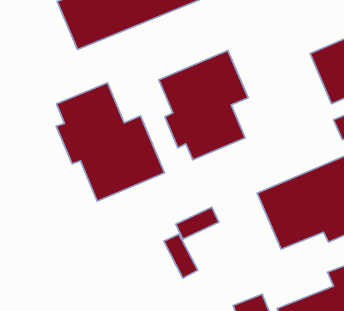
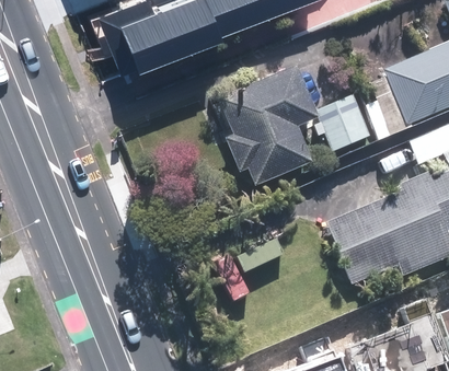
building: none -> [318,96,371,152]
building: [56,83,164,201] -> none

